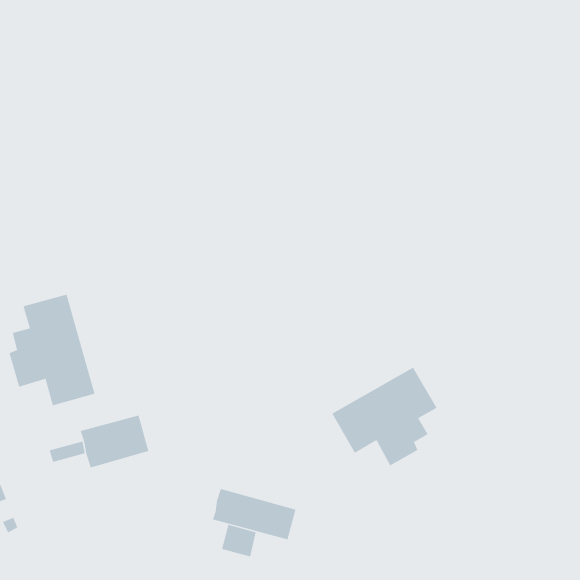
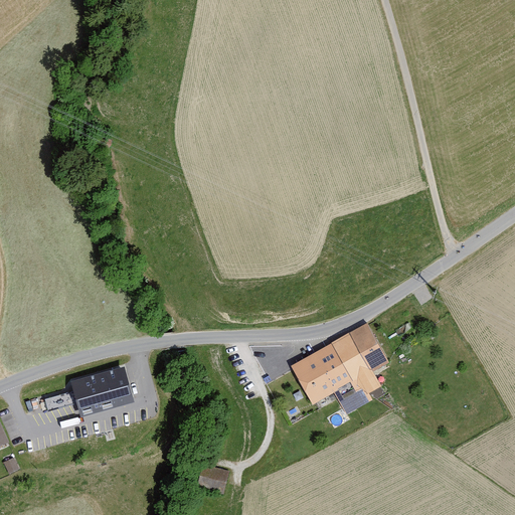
building: [9,294,95,406] -> none
building: [212,488,296,540] -> none

